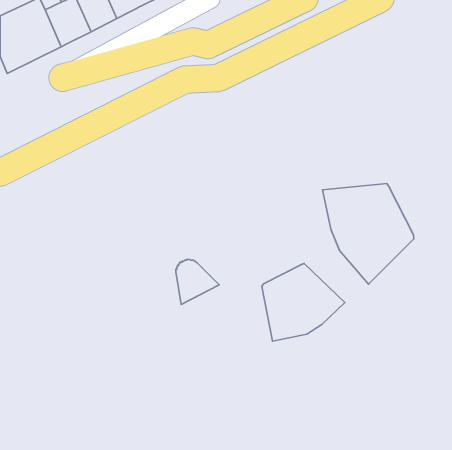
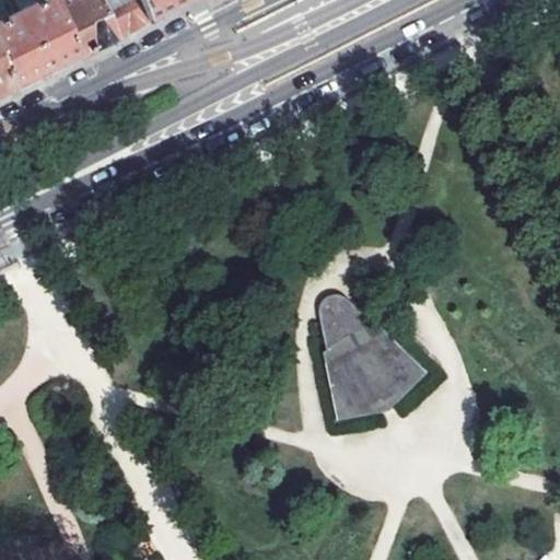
building: [322,183,414,284] -> none
building: [176,259,219,304] -> [319,295,373,351]

